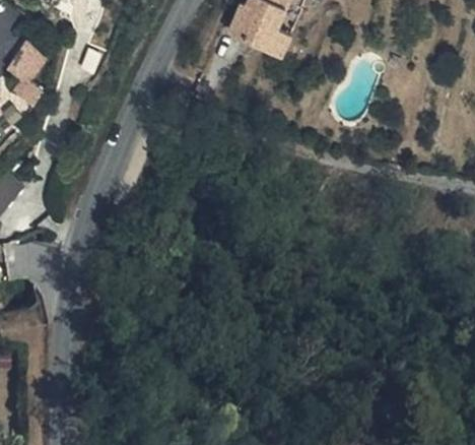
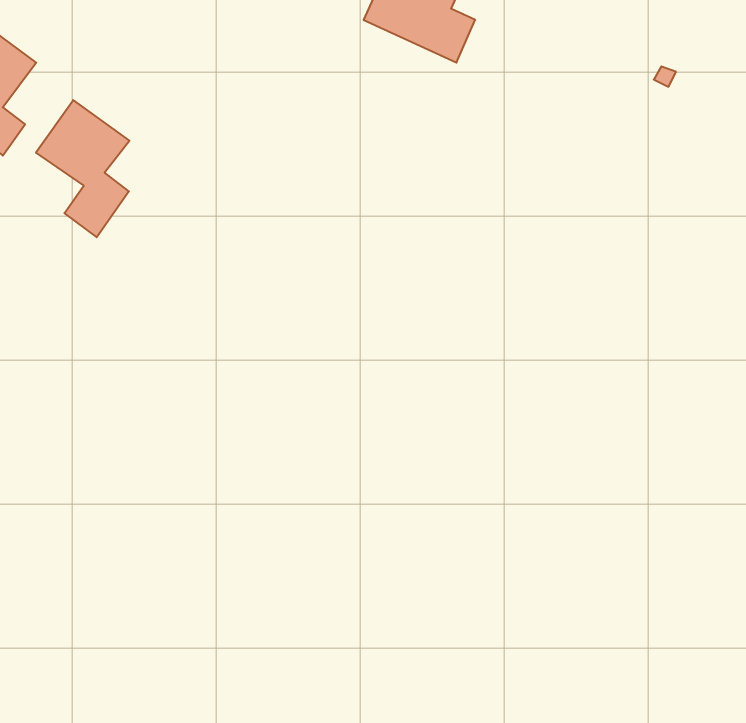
building: none -> [36,100,129,237]

